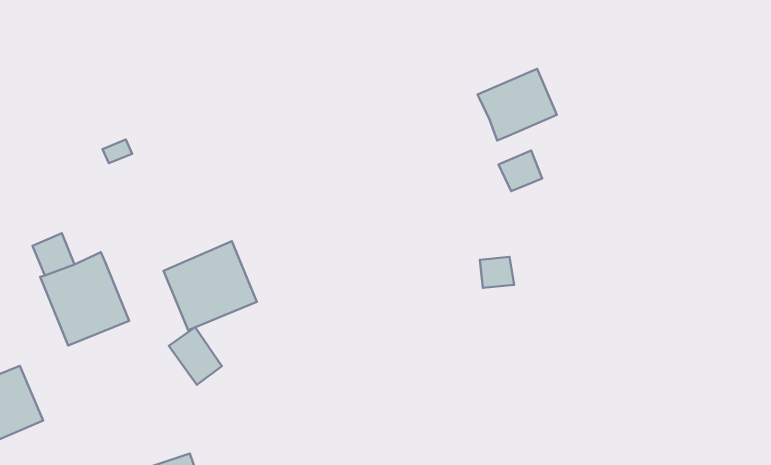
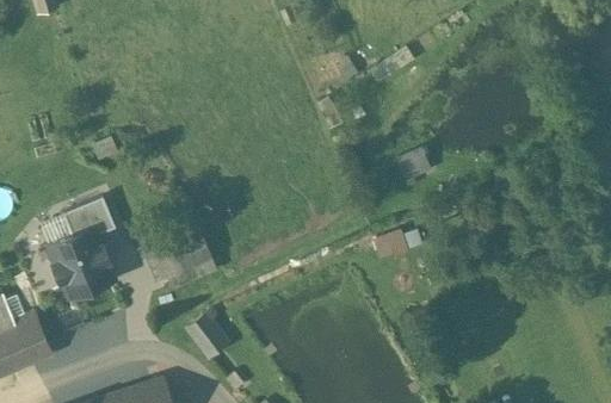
building: [477,69,557,141] -> none
building: none -> [64,197,116,236]
building: [169,327,222,385] -> [189,314,229,358]

